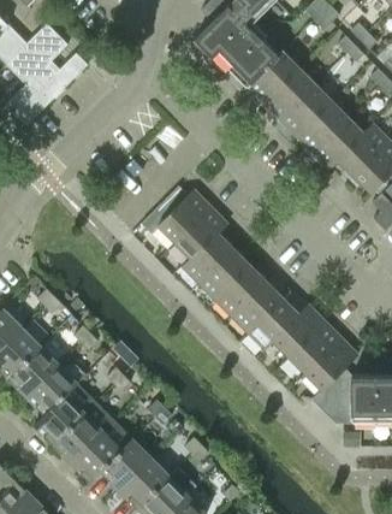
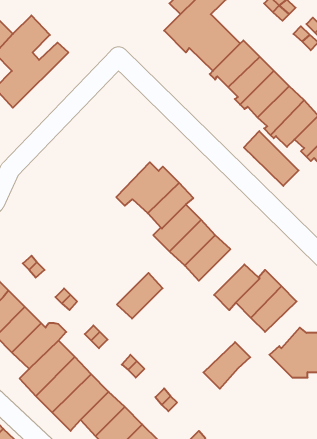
building: none -> [244,131,299,186]
building: [233,282,284,332] -> [117,273,163,319]
building: [307,339,358,391] -> [203,342,250,389]

